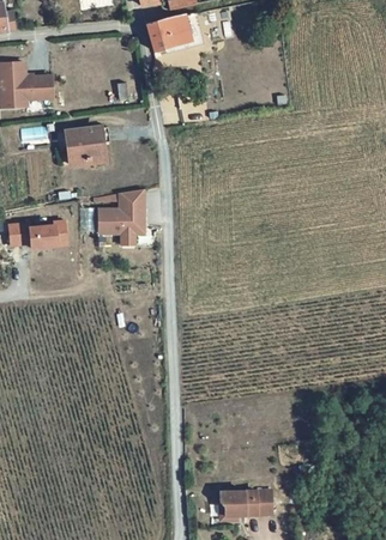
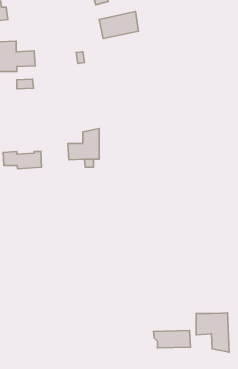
building: [62,127,105,162] -> none
building: none -> [196,313,229,352]

